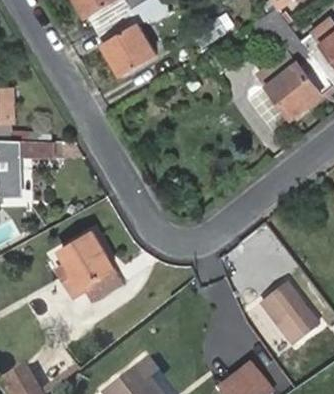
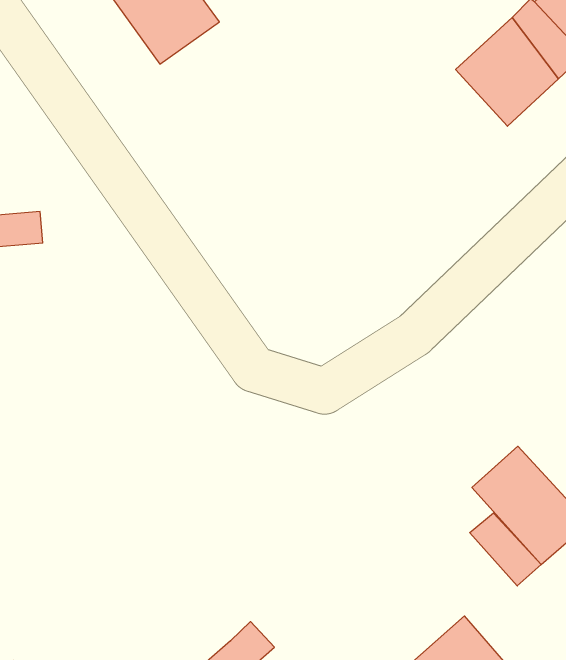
building: [62,231,123,301] -> none

